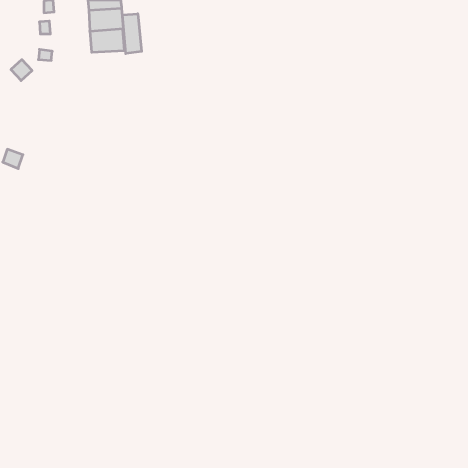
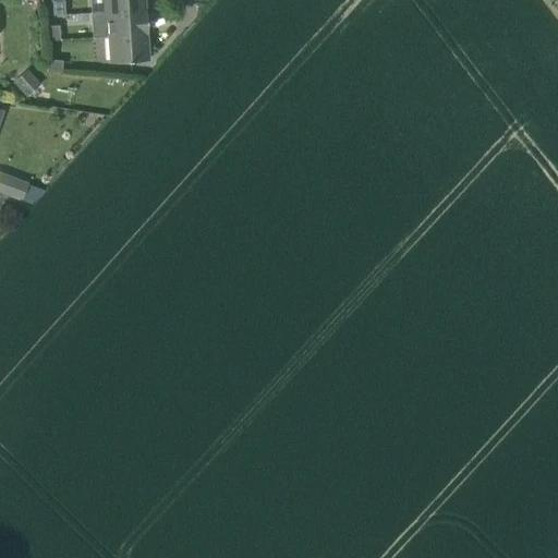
building: [123,14,142,54] -> none

